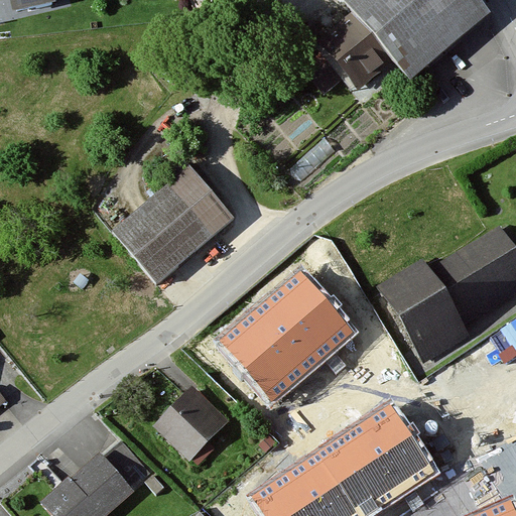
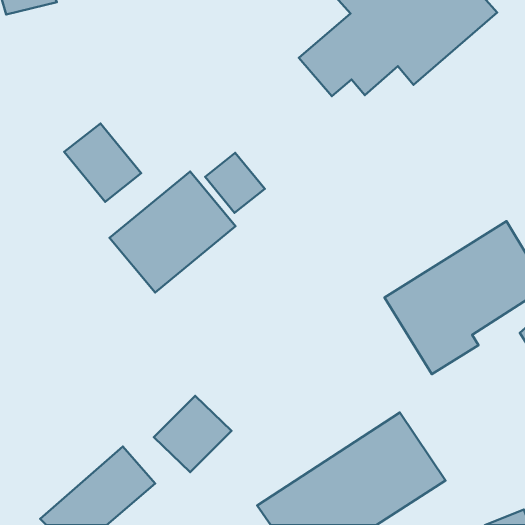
building: none -> [64,123,141,202]
building: none -> [205,153,265,213]
building: [223,268,357,400] -> none

